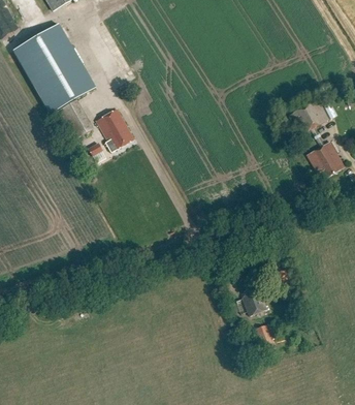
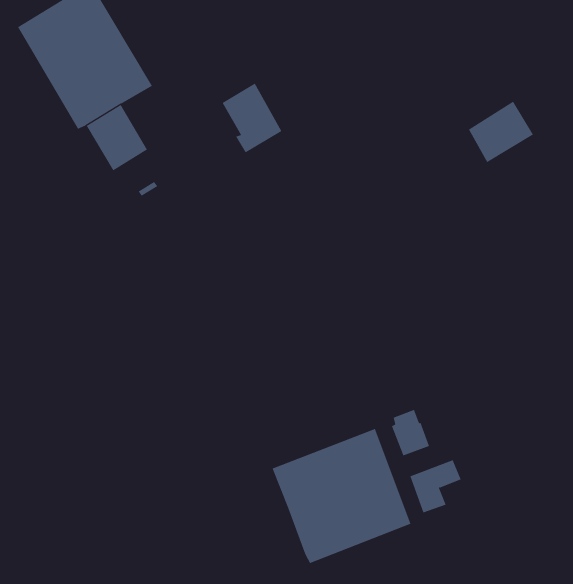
building: [96,108,133,152] -> [222,83,282,153]
building: [306,142,343,178] -> none
building: none -> [272,428,411,564]

